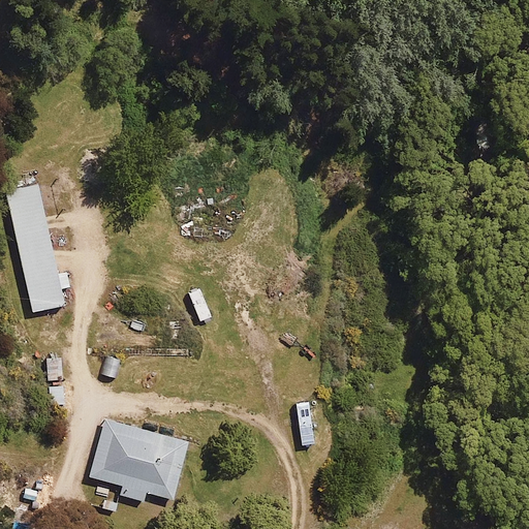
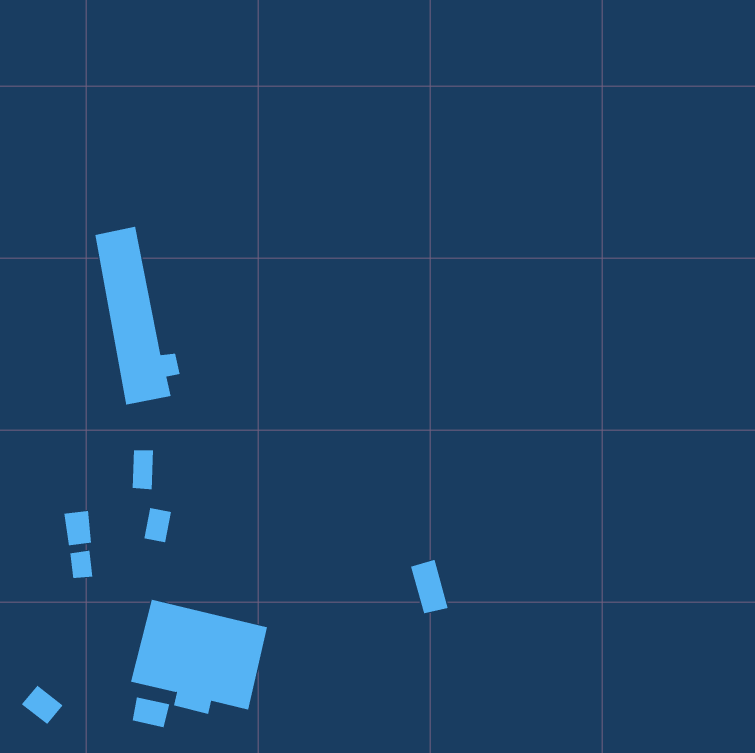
building: [9,185,69,310] -> [95,226,180,405]

